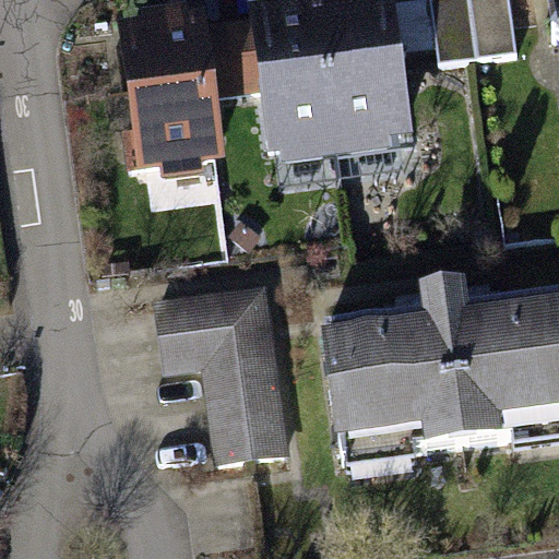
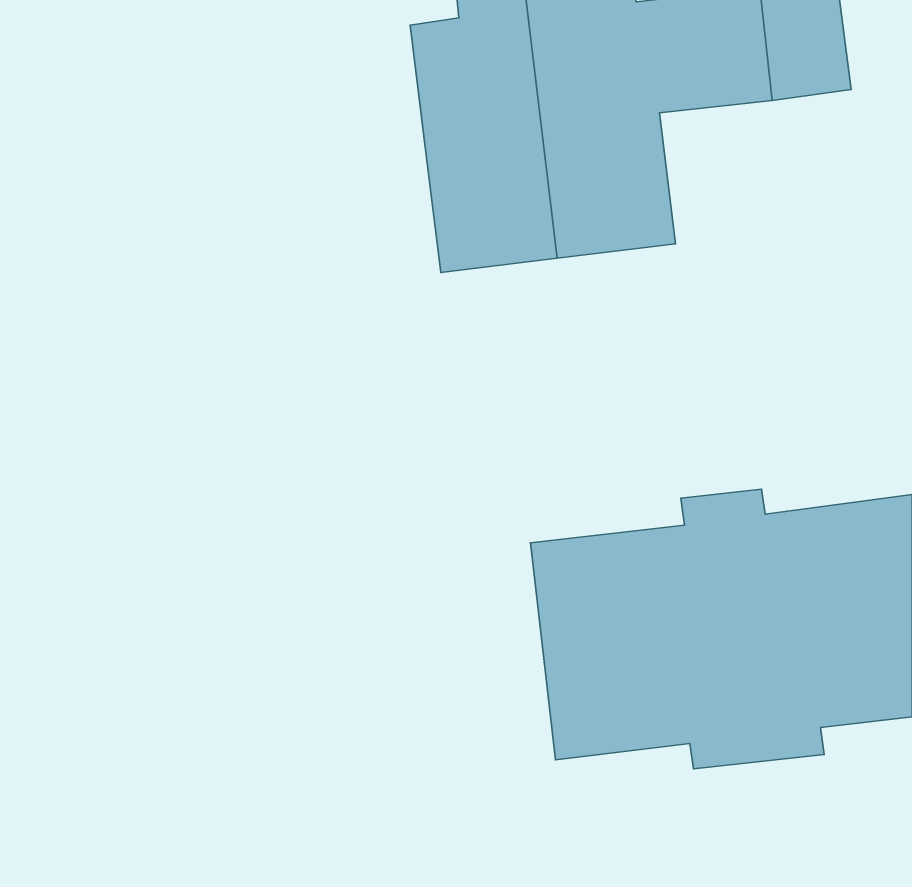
building: [116,15,260,195] -> none
building: [162,288,293,472] -> none

